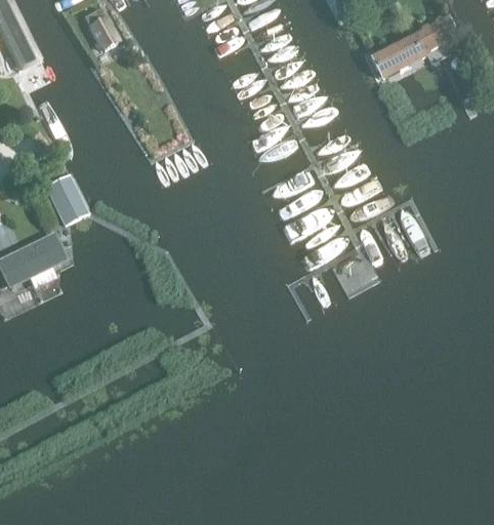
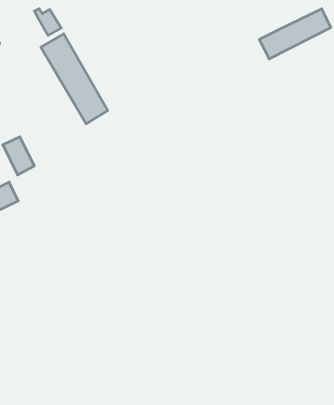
building: none -> [41,34,108,124]

